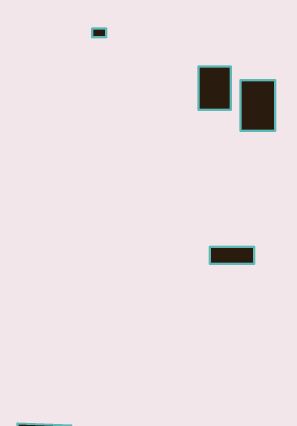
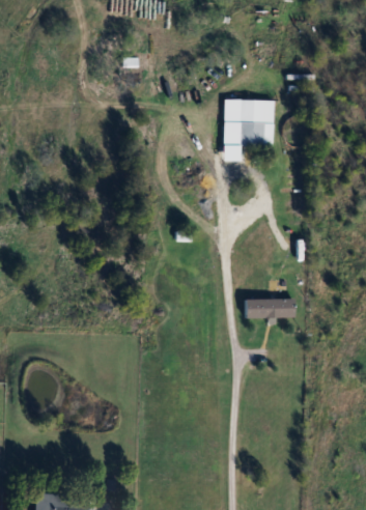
building: [241,80,275,131] -> none

